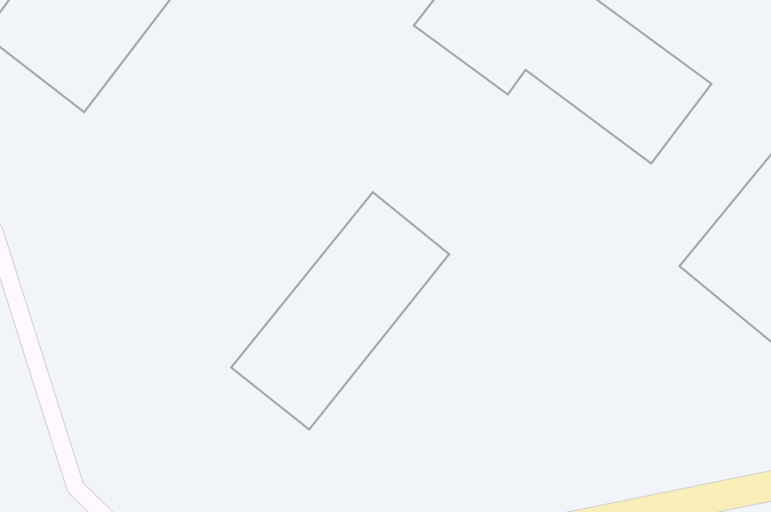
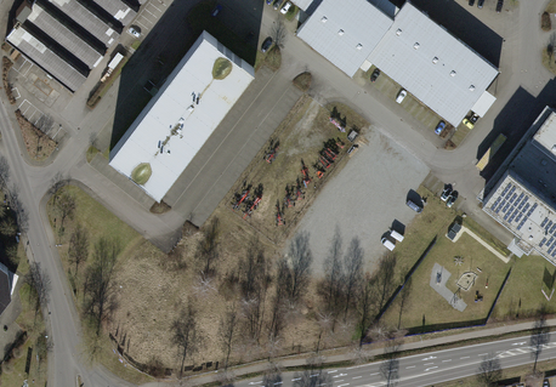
building: [231,192,449,429] -> [109,35,259,198]

